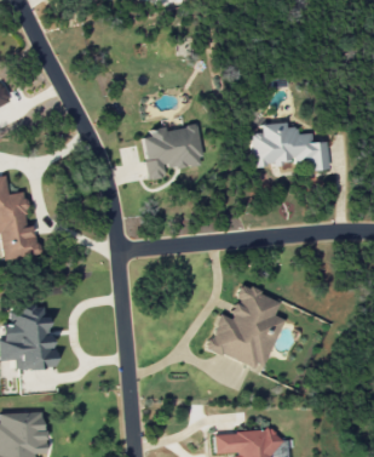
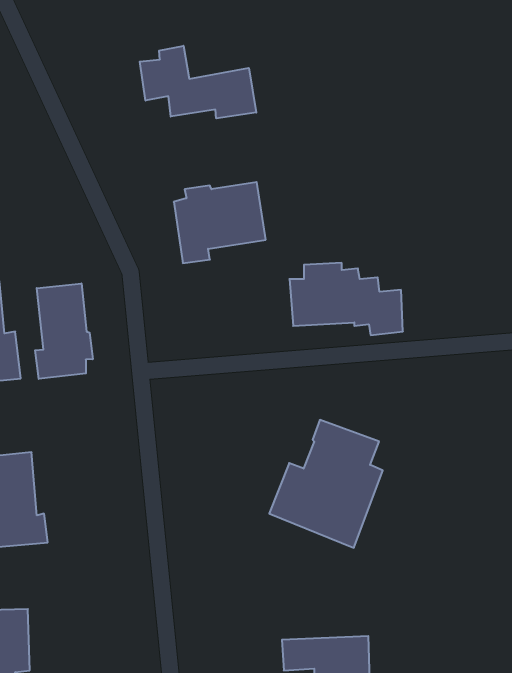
building: none -> [140,46,256,118]
building: [253,122,329,171] -> [289,263,403,335]
building: none -> [35,283,93,379]

